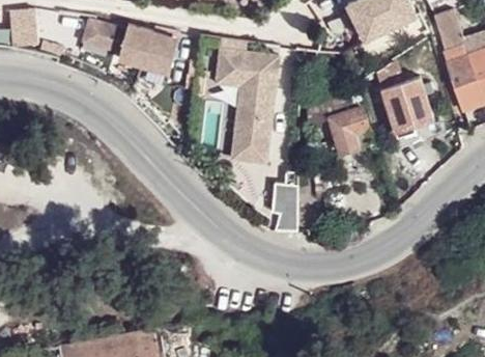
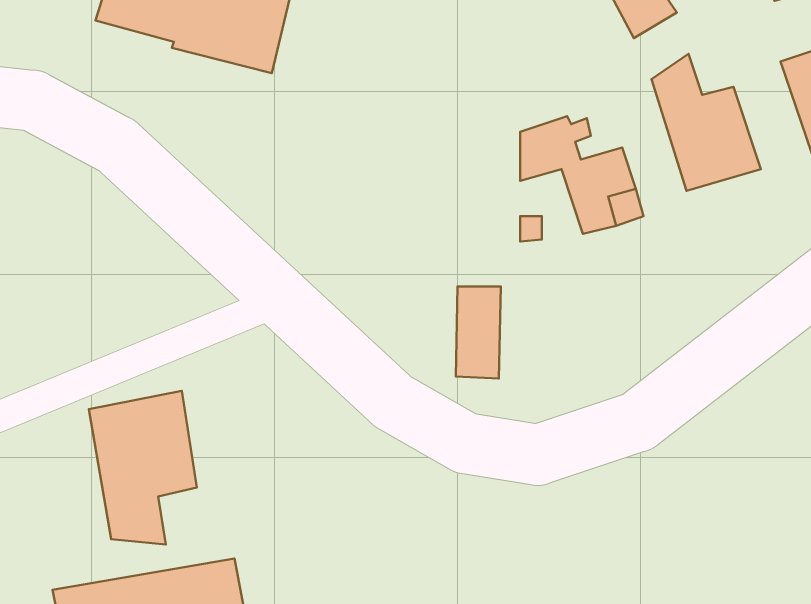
building: [217,43,284,165] -> none
building: none -> [89,391,197,545]

